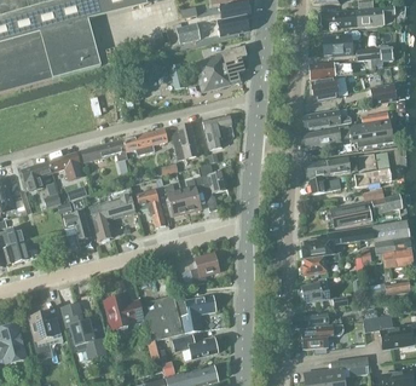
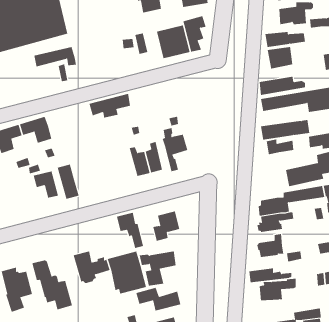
building: [202,114,231,149] -> none
building: [171,122,197,160] -> none
building: [81,139,127,161] -> [33,47,77,67]
building: [103,186,135,219] -> none
building: [137,188,166,226] -> [116,212,144,249]

